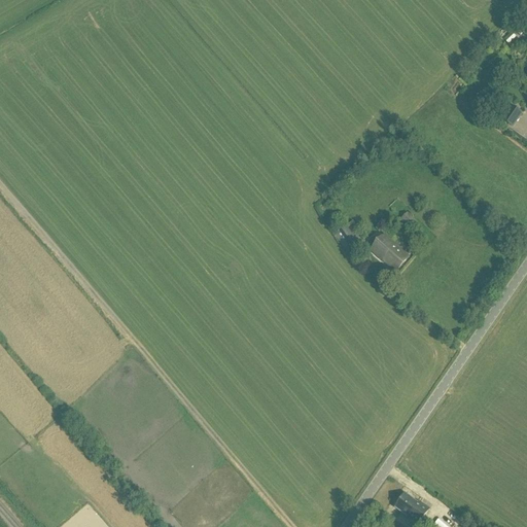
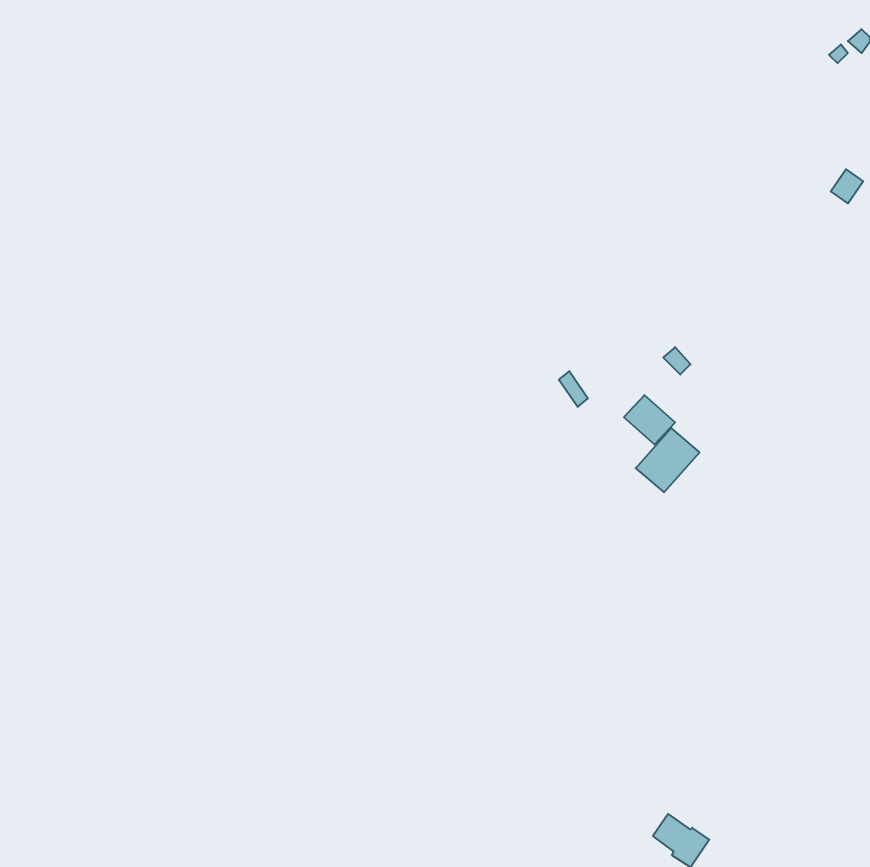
building: none -> [636,428,699,492]

